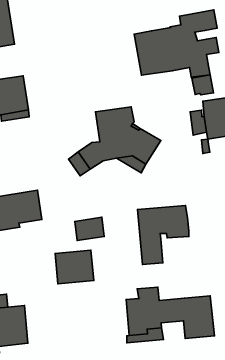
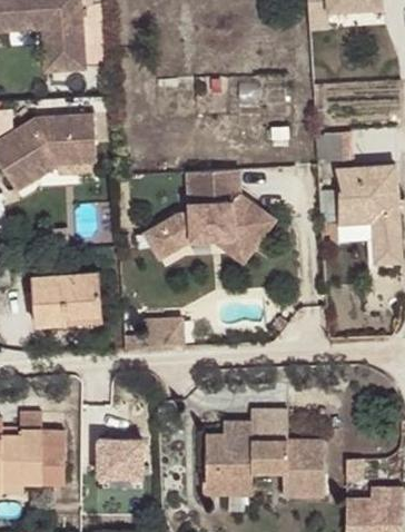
building: [134,10,219,77] -> none
building: [137,206,189,265] -> none
building: [55,250,94,284] -> [99,433,149,475]
building: none -> [253,412,288,441]

